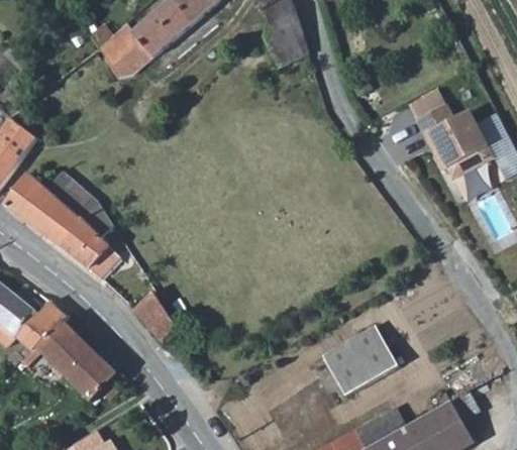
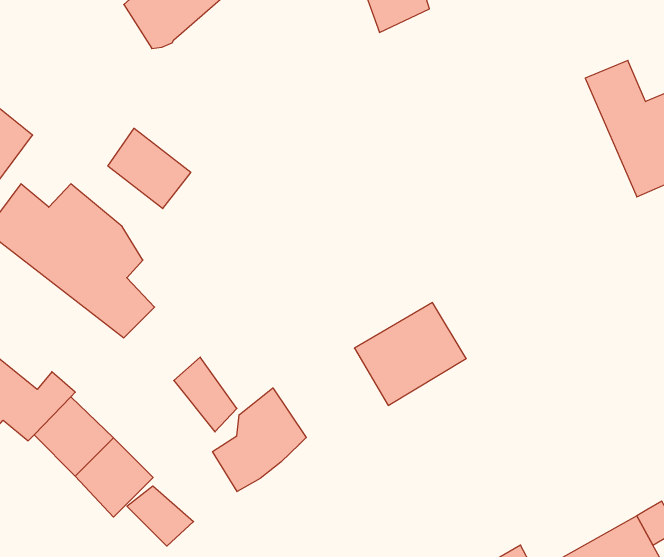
building: none -> [108,128,191,209]
building: none -> [213,388,306,492]
building: [321,326,398,397] -> [354,303,466,405]
building: none -> [127,486,194,546]

